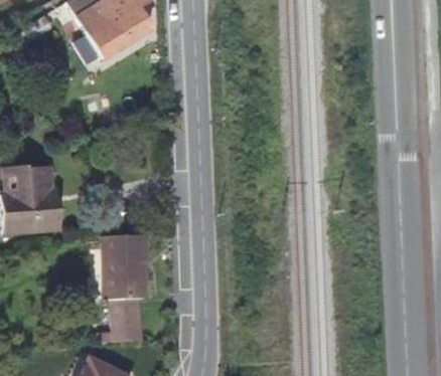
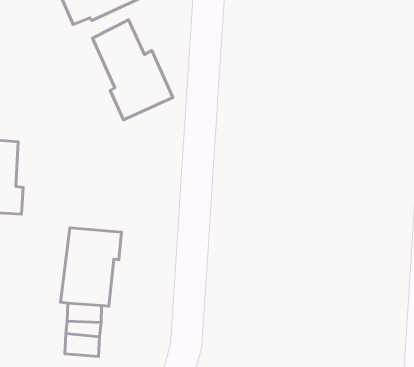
building: none -> [92,20,173,120]

